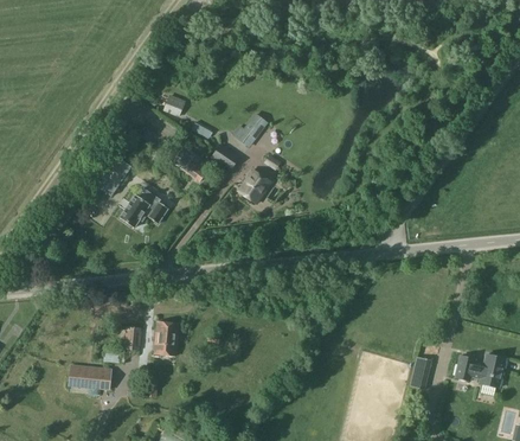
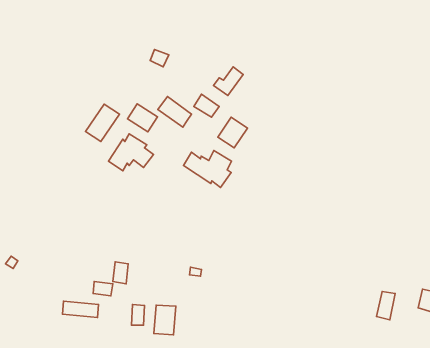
building: none -> [127,104,158,132]
building: none -> [183,151,232,187]
building: [154,322,178,354] -> [154,305,176,335]

